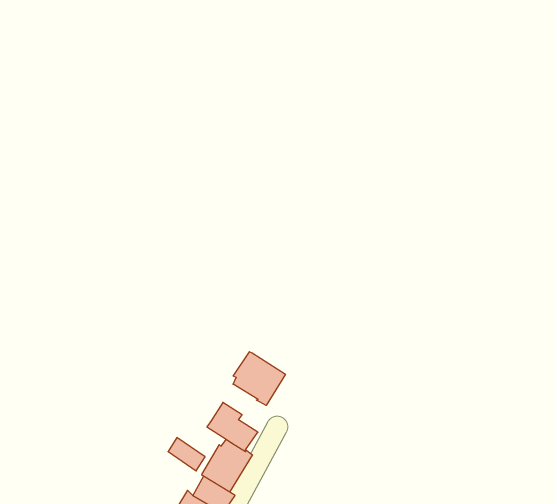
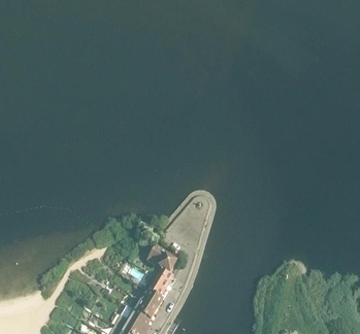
building: [233,352,285,405] -> none

